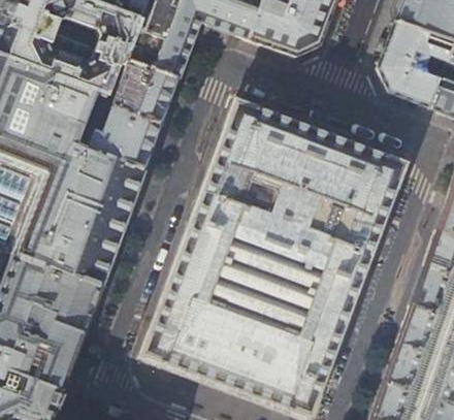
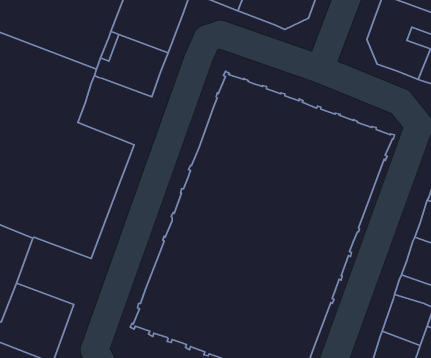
building: [88,104,162,171] -> none
building: [26,264,101,332] -> none

